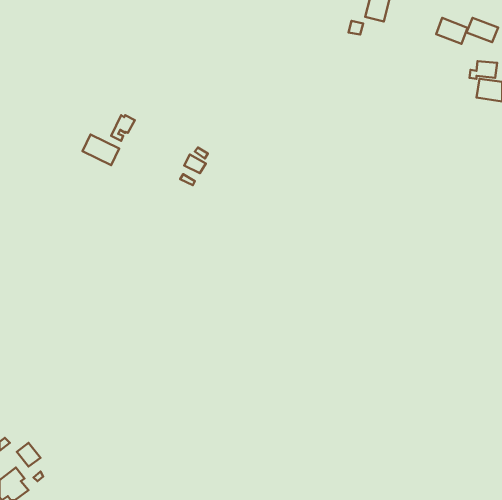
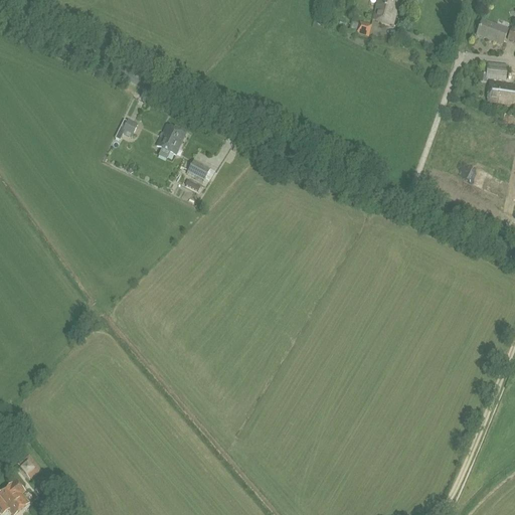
building: [436,18,468,44] -> none
building: none -> [156,123,185,153]
building: [83,134,119,165] -> none

